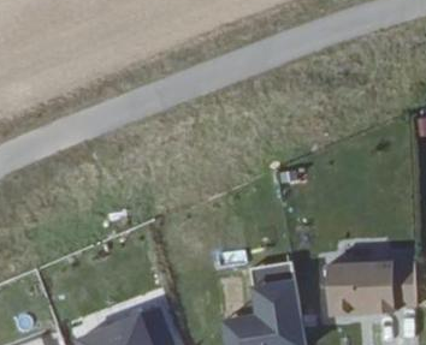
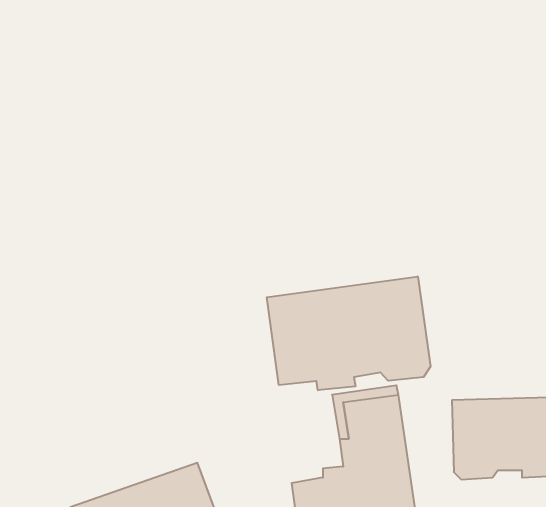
building: none -> [267,276,430,390]

